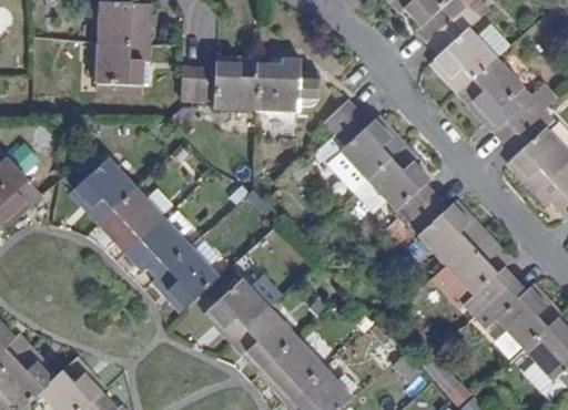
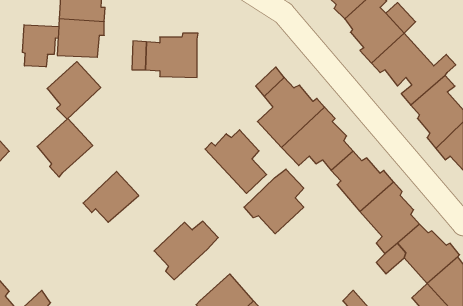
building: none -> [22,25,59,67]
building: [257,59,303,112] -> none
building: none -> [205,130,267,193]
building: [102,188,164,255] -> [47,62,101,119]
building: none -> [244,169,304,234]
building: [152,246,217,307] -> none
building: [231,308,295,368] -> none

